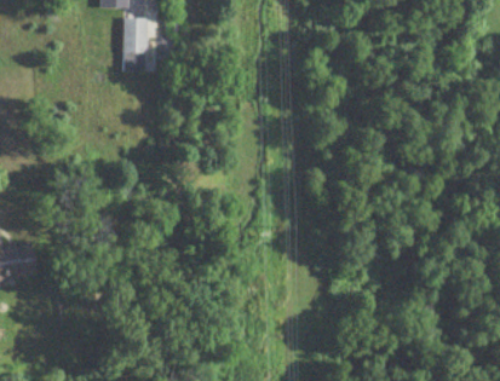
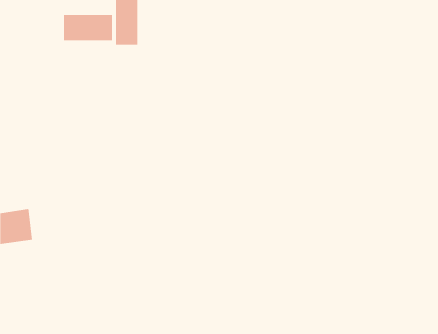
building: none -> [63,14,113,41]

